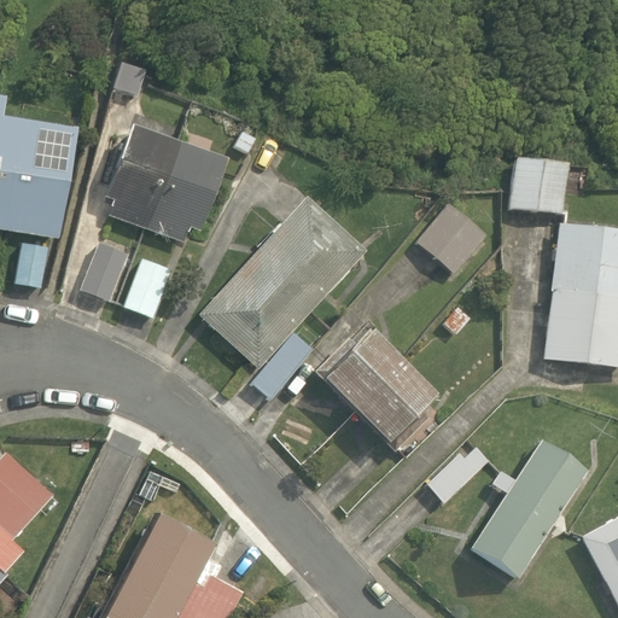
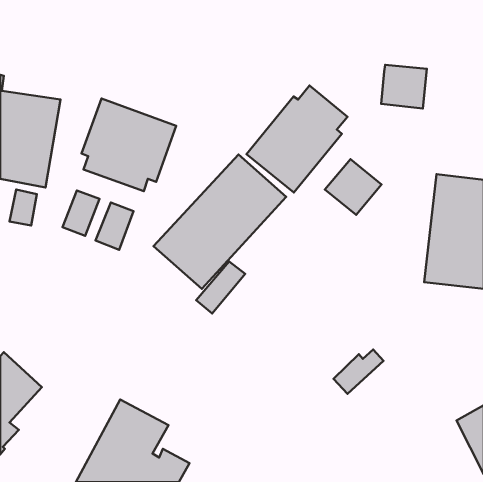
building: none -> [246,86,348,192]
building: [509,158,567,214] -> [381,65,427,108]
building: [314,330,438,451] -> none
building: [471,441,588,577] -> none

